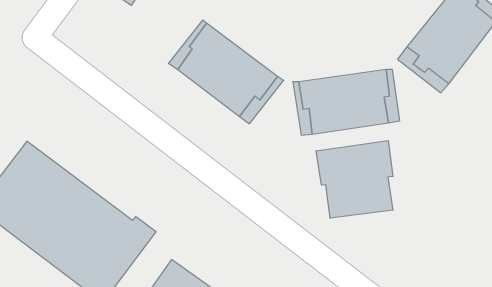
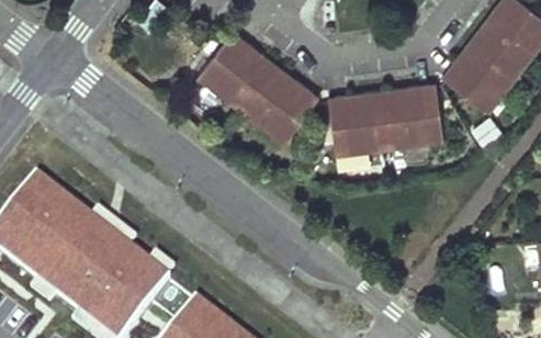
building: [316,141,393,218] -> none

